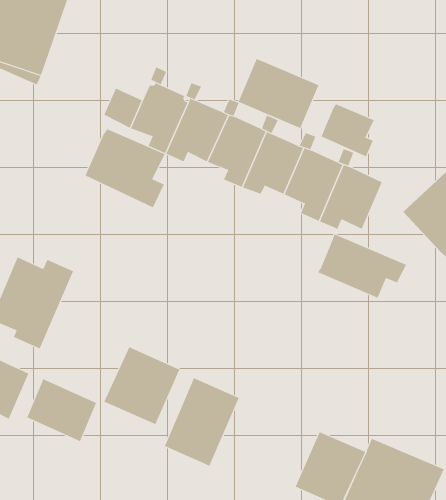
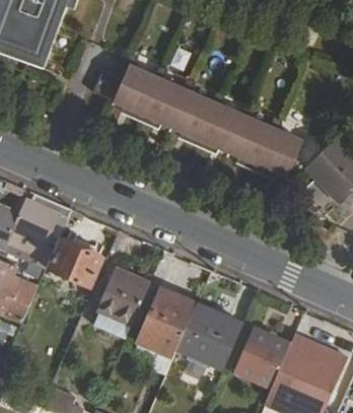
building: [238,58,319,129] -> none
building: [321,104,374,157] -> none
building: [85,128,165,208] -> none
building: [317,233,407,299] -> none
building: [27,378,97,442] -> [53,232,105,280]
building: none -> [175,304,241,369]

